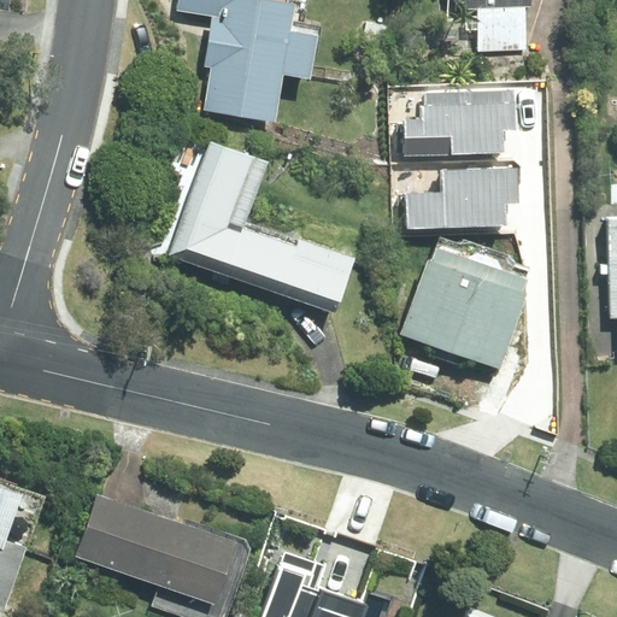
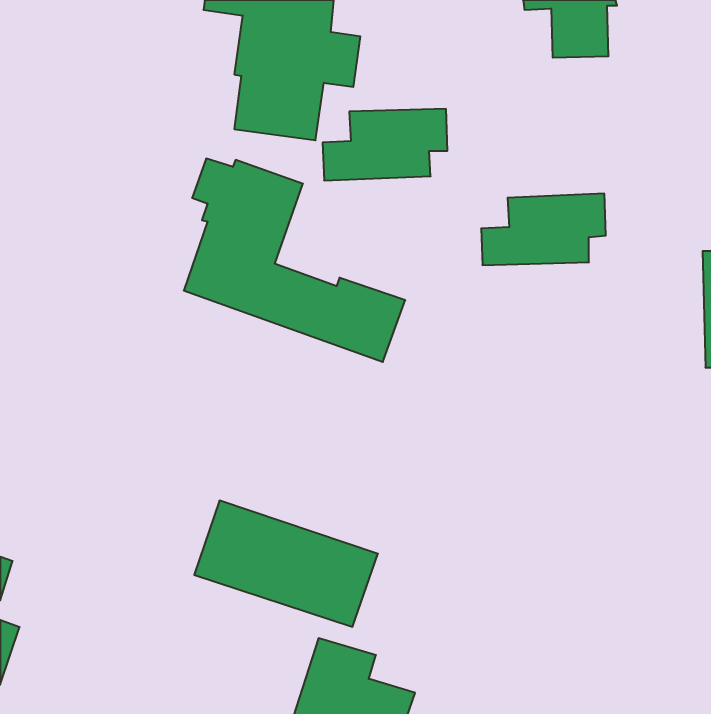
building: [410,96,517,158] -> [323,109,447,180]
building: [405,247,528,368] -> none
building: [74,490,231,599] -> [194,501,378,627]

